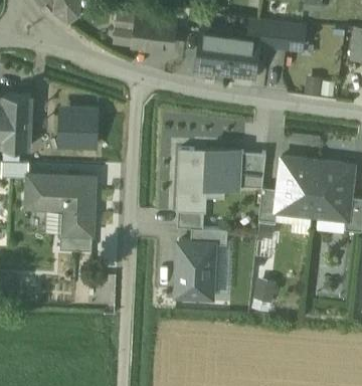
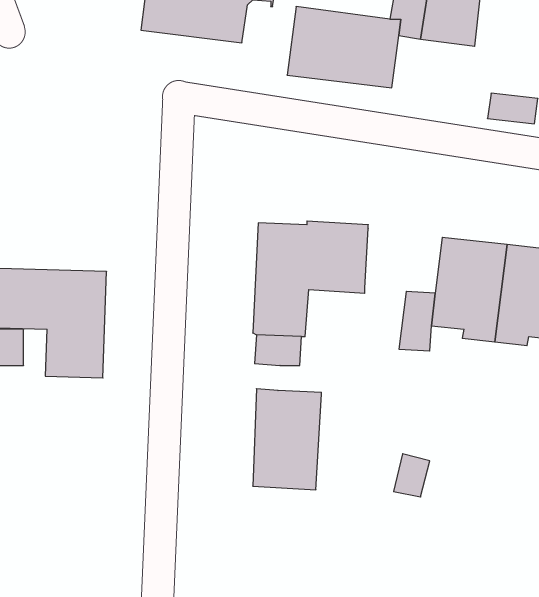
building: [58,108,99,148] -> none
building: [238,154,265,189] -> none
building: [190,230,227,247] -> none
building: [59,236,93,253] -> none

